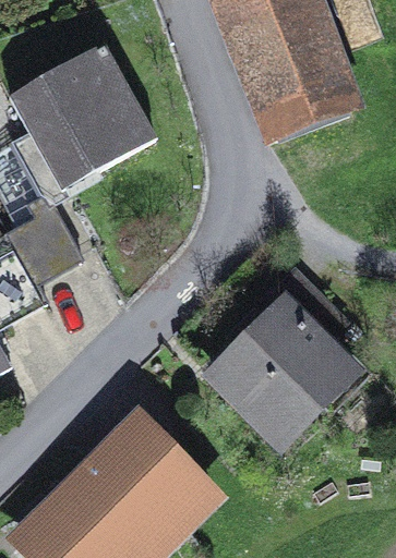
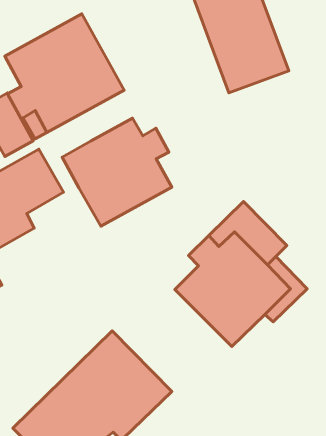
building: none -> [62,118,172,226]

